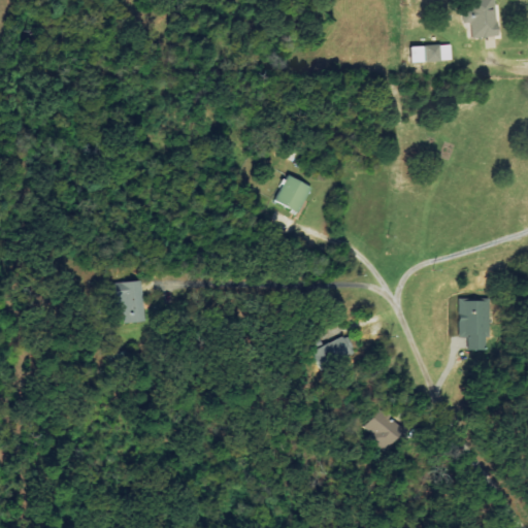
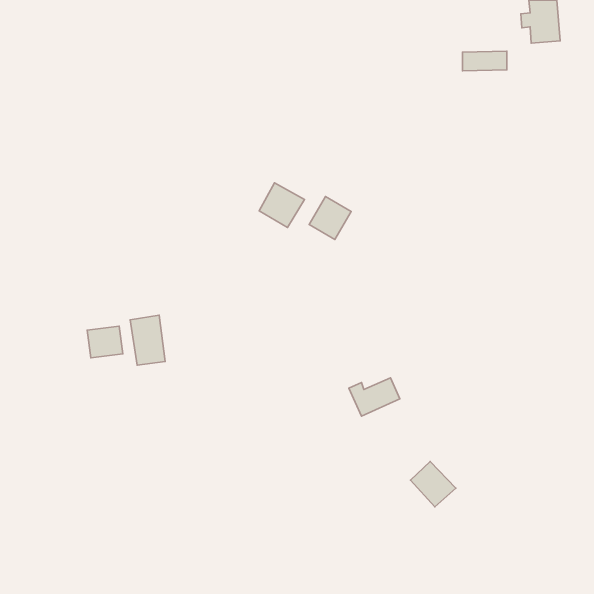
building: none -> [259,183,304,228]
building: none -> [87,326,123,358]
building: [458,299,489,348] -> none

